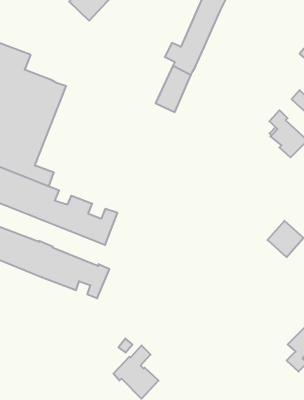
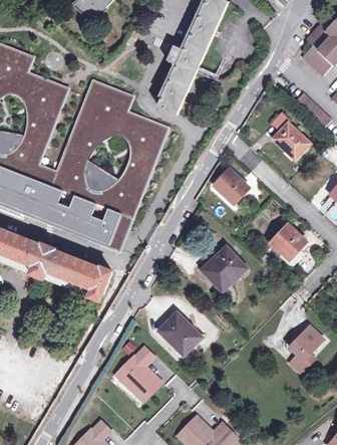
building: none -> [51,80,167,249]
building: none -> [212,168,247,202]
building: none -> [202,246,245,289]
building: none -> [158,311,199,355]

